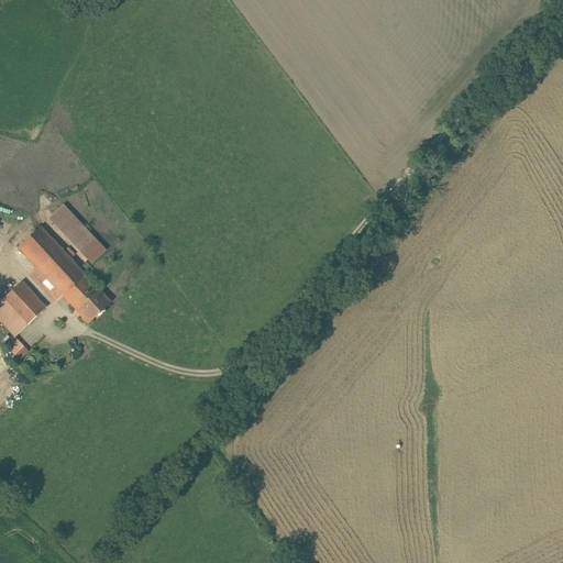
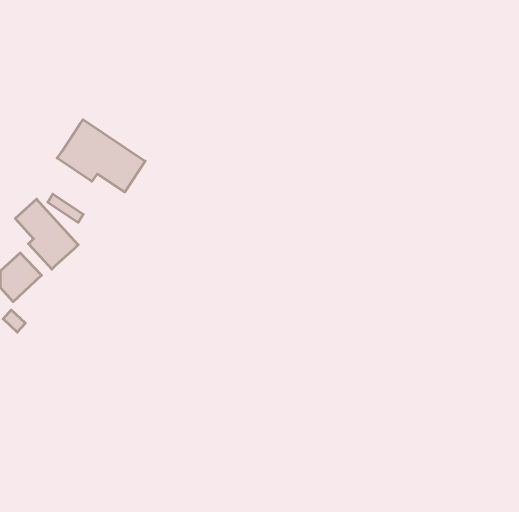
building: none -> [57,120,145,192]
building: [60,276,108,323] -> none

